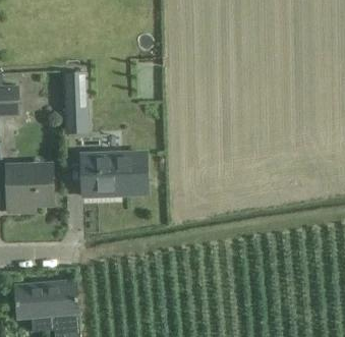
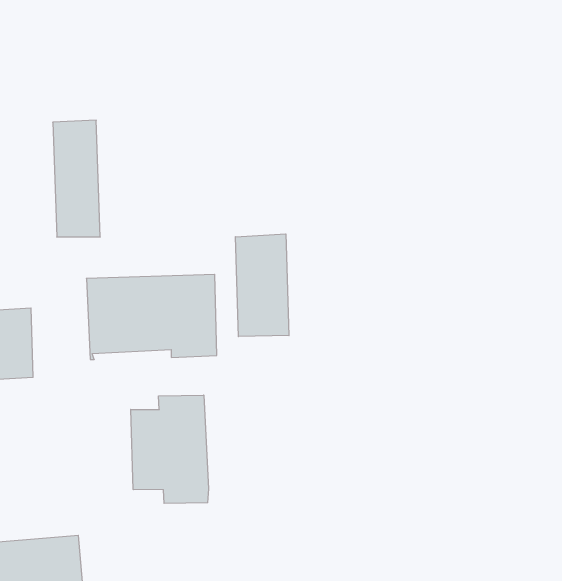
building: none -> [235,234,289,337]
building: none -> [131,395,209,503]

